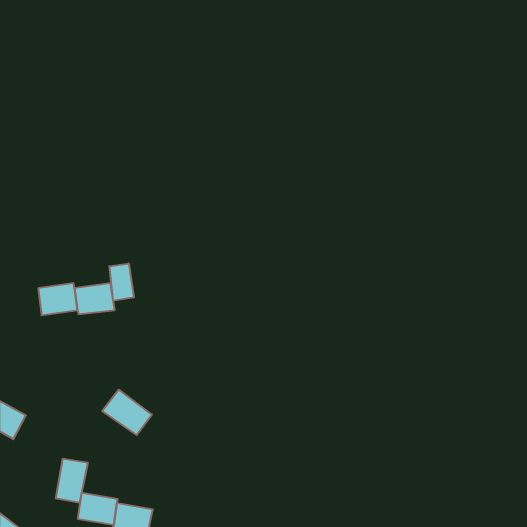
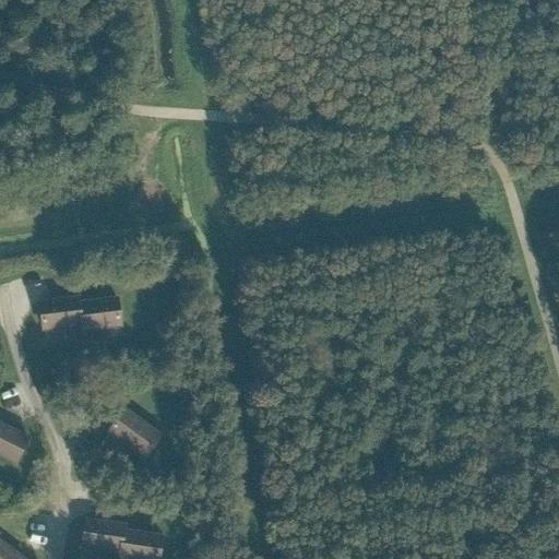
building: [109,263,134,301] -> none
building: [56,459,88,503] -> none

